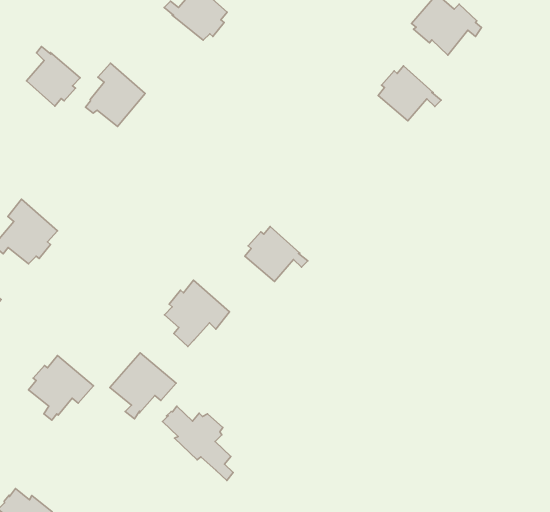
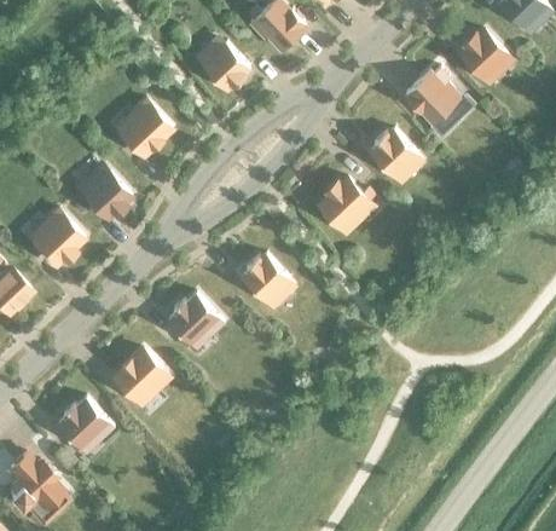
building: [27,46,80,106] -> [85,166,131,218]
building: none -> [318,178,373,235]
building: [29,356,93,420] -> [57,398,112,452]
building: [162,406,233,480] -> none

